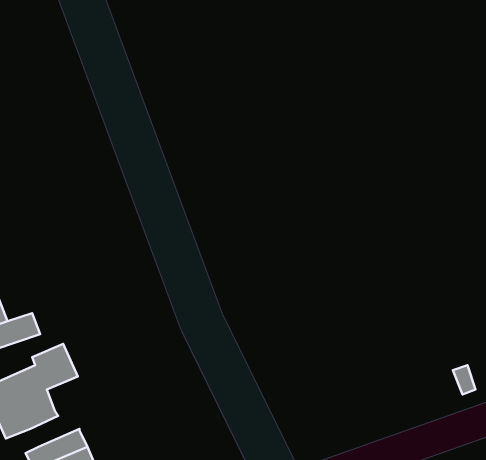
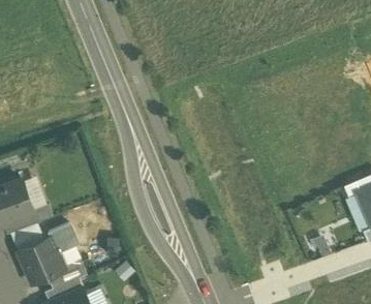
building: none -> [48,261,87,291]

